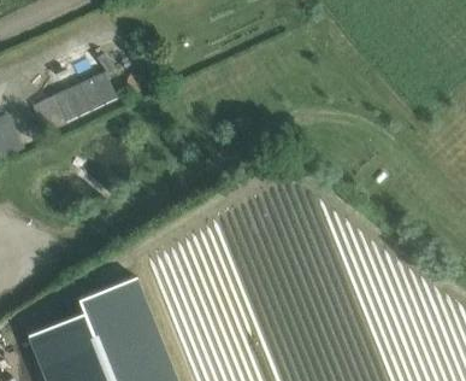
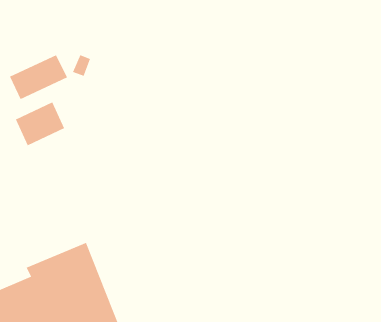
building: none -> [15,102,65,146]

